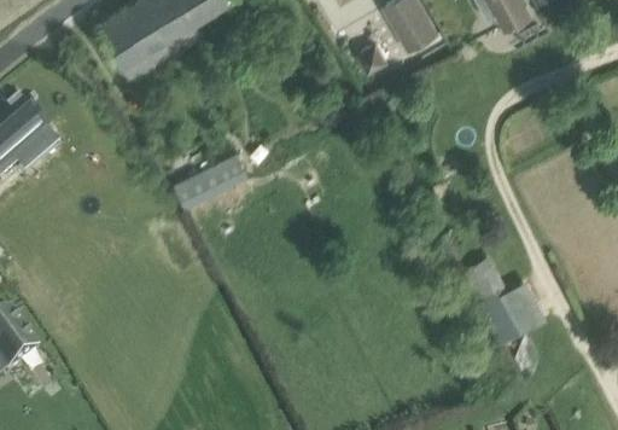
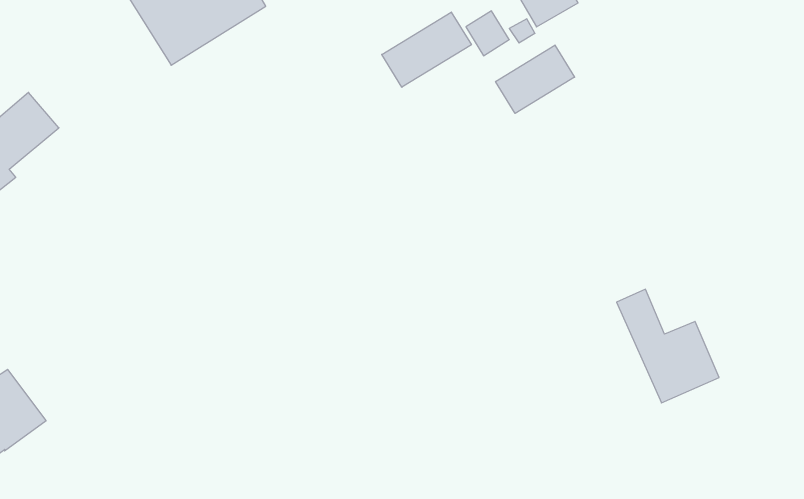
building: none -> [382,12,471,87]
building: none -> [496,45,575,113]
building: [171,152,247,208] -> none

